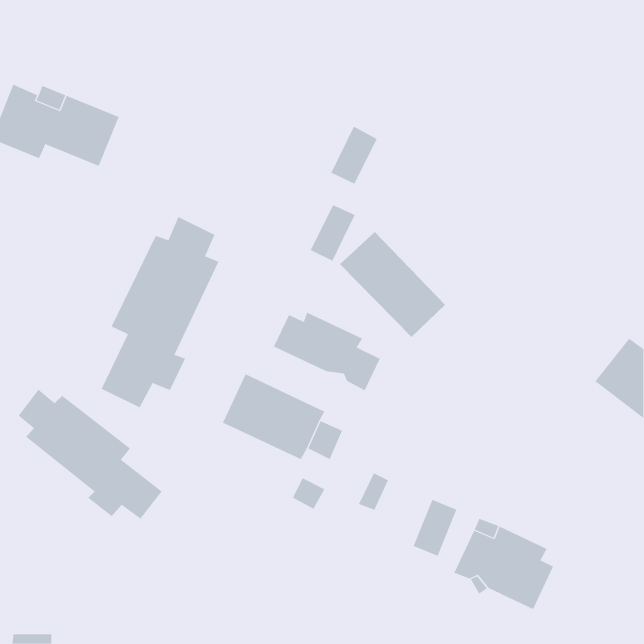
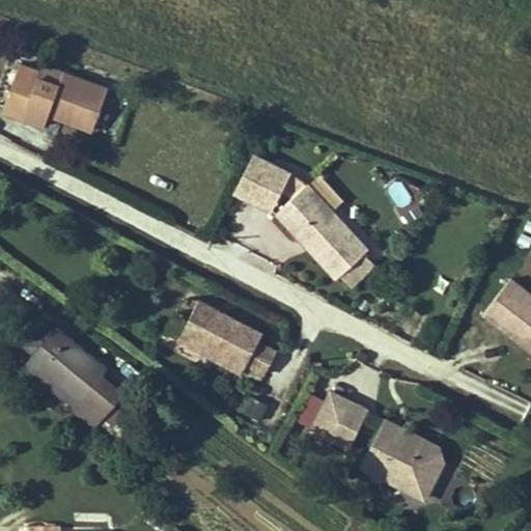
building: [331,126,378,184] -> [233,157,272,204]
building: [101,216,219,408] -> none
building: [273,312,380,391] -> none
building: none -> [316,399,353,446]

